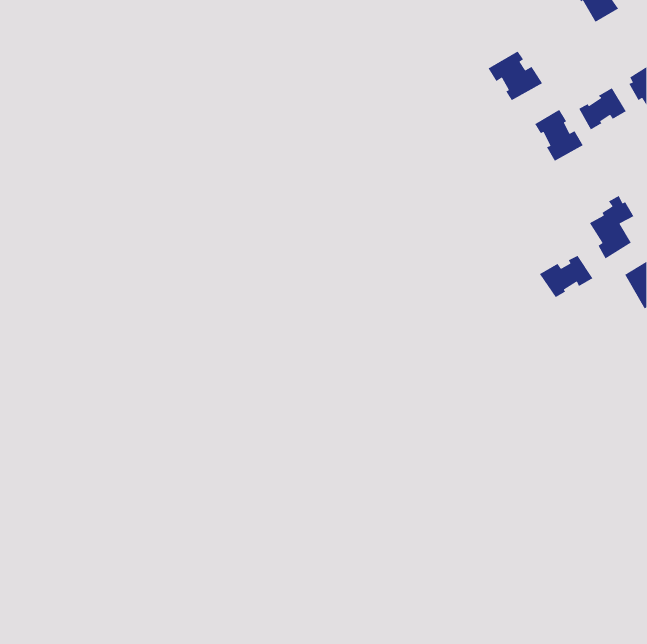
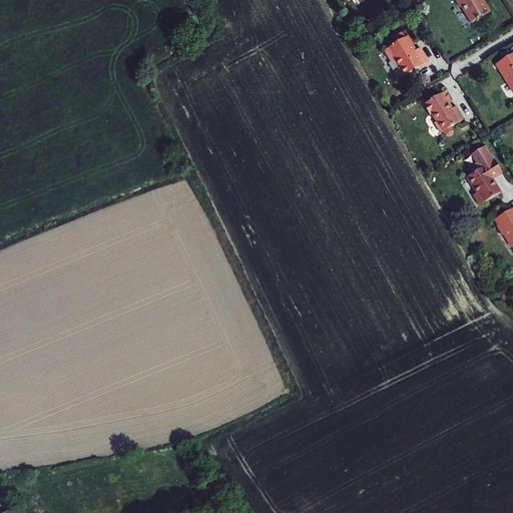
building: [578,87,627,130] -> none
building: [539,255,593,298] -> none

